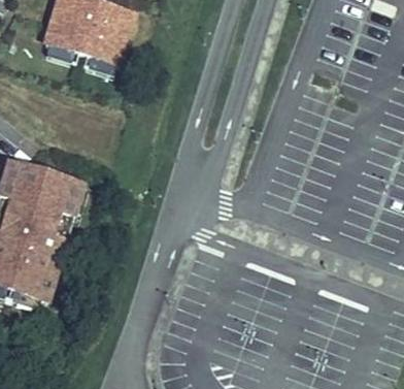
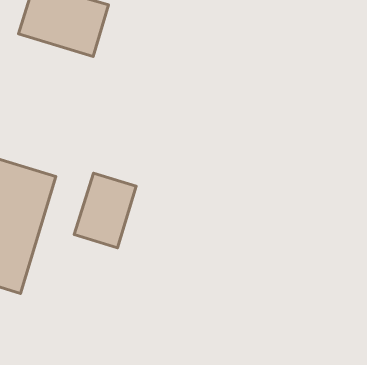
building: none -> [74,173,136,248]

